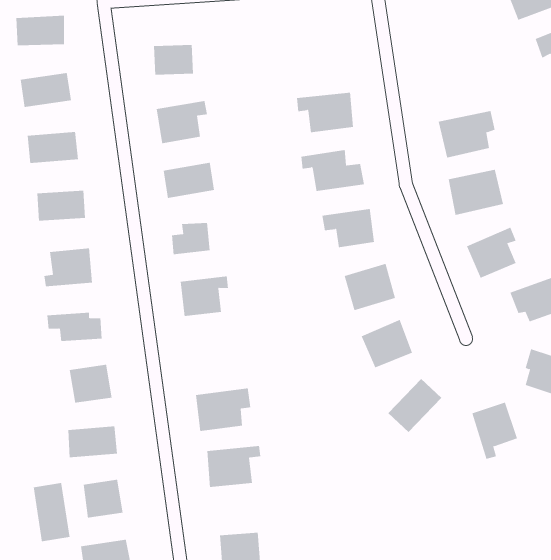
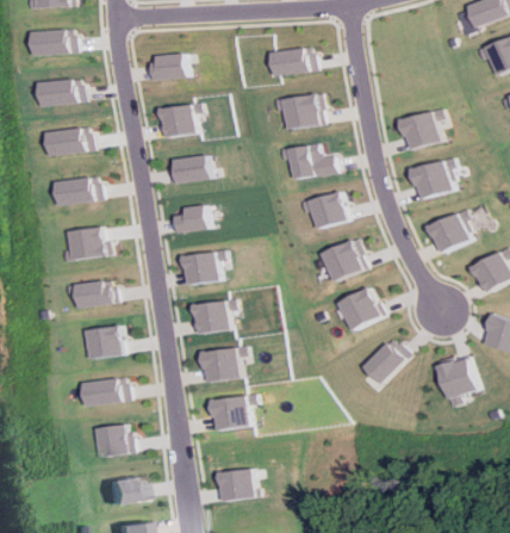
building: none -> [279,48,322,75]
building: none -> [188,299,231,334]
building: [33,482,70,542] -> none

